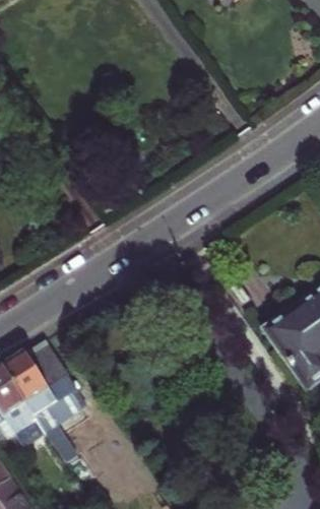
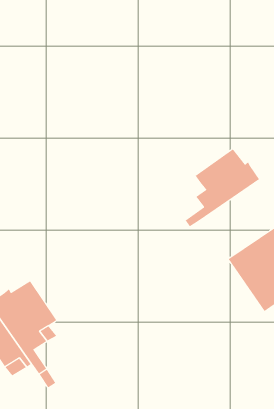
building: none -> [185,149,260,227]

